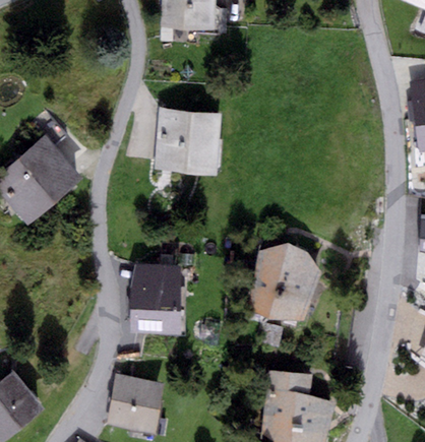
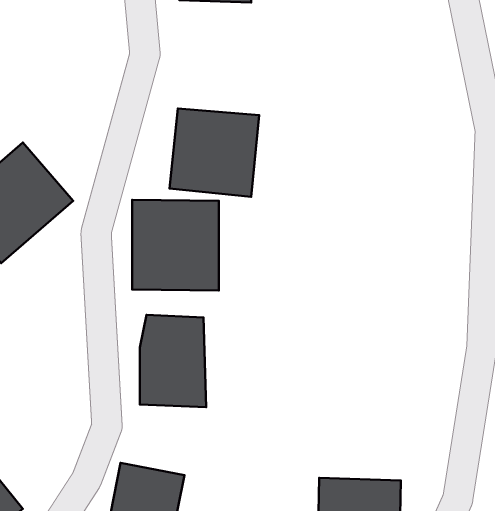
building: none -> [132,200,219,291]
building: [248,243,321,320] -> none

